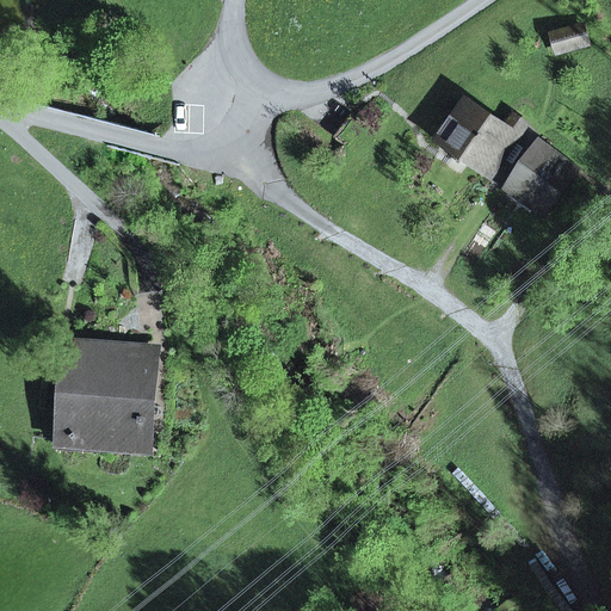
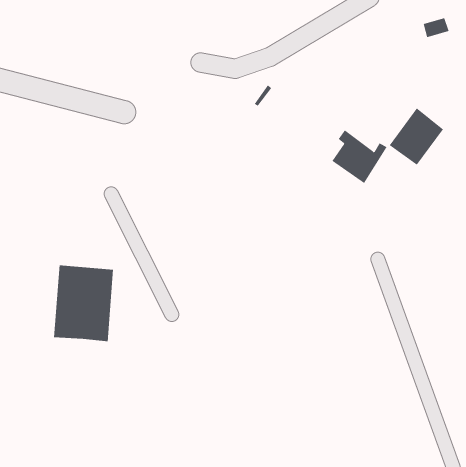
building: [446,99,519,169] -> [332,130,388,184]
building: [55,344,107,451] -> none

